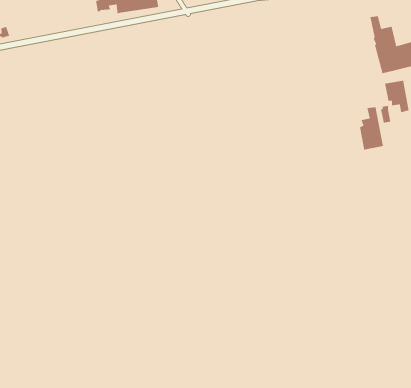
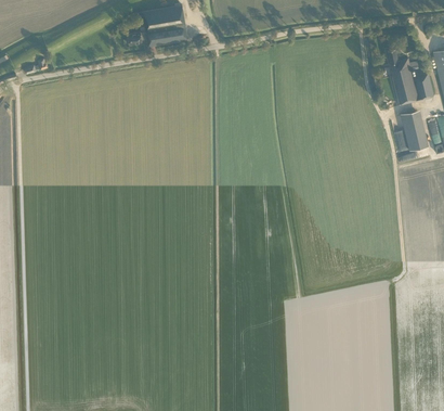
building: [359,106,384,151] -> none

